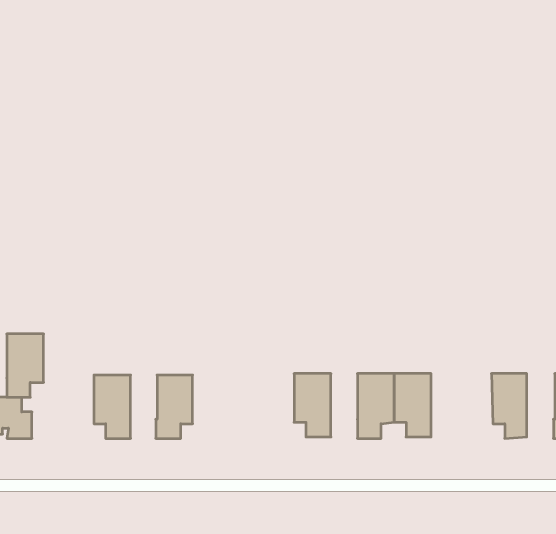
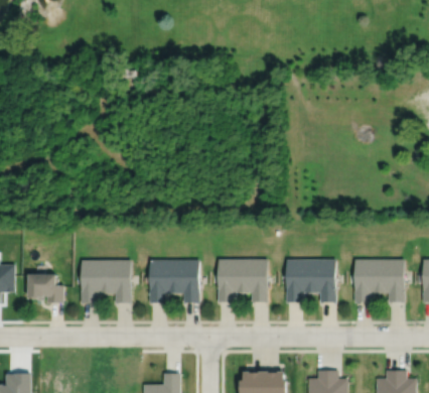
building: [7,334,44,397] -> [82,260,107,303]
building: none -> [219,259,244,302]
building: none -> [355,259,380,303]
building: none -> [174,260,199,303]

